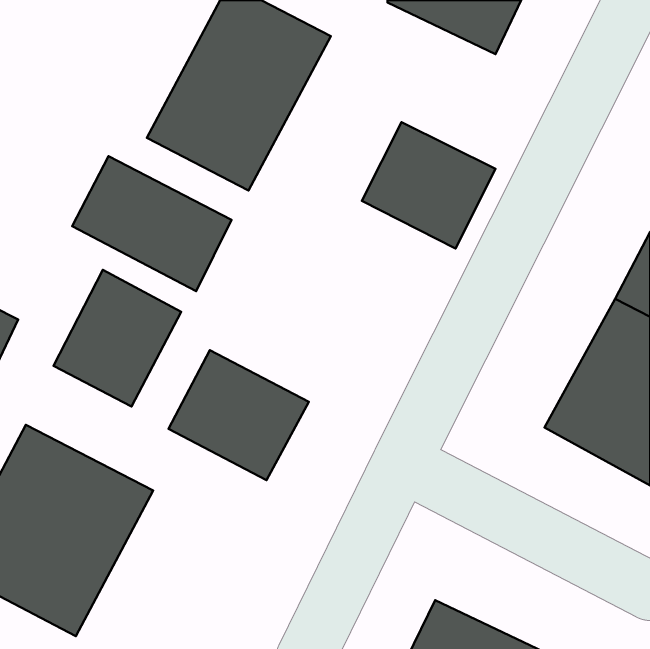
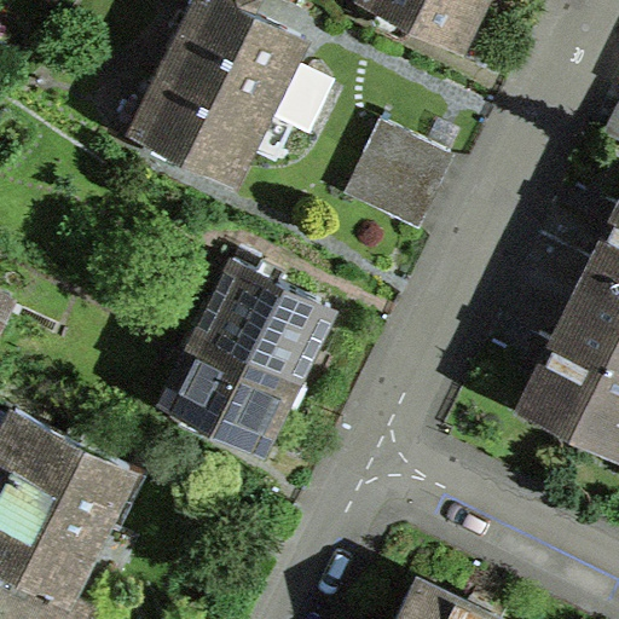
building: [72,156,231,291] -> none
building: none -> [197,254,334,386]
building: [54,270,181,407] -> none

